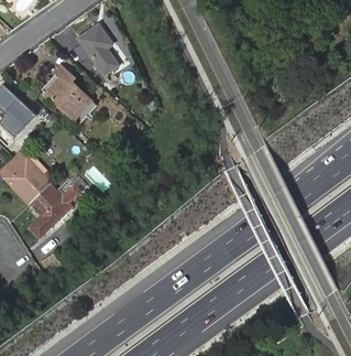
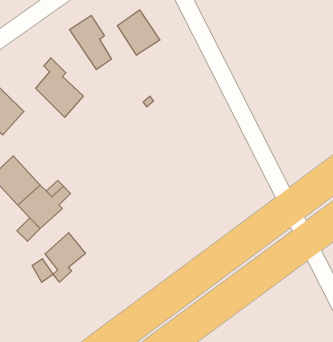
building: none -> [117,10,160,55]
building: none -> [45,233,85,282]

